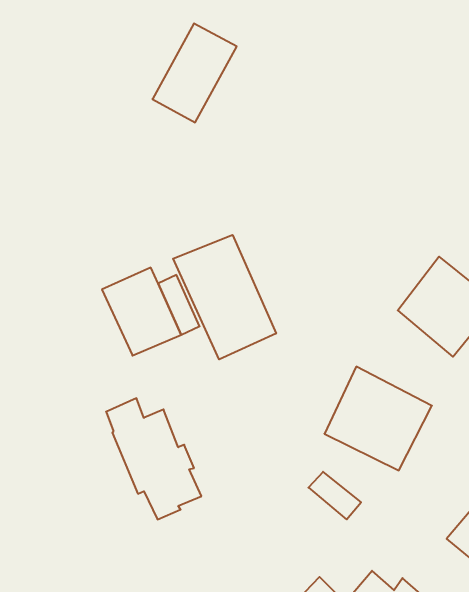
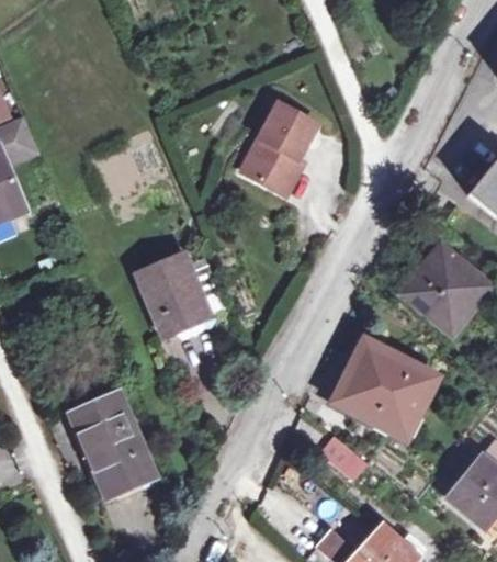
building: [152,23,237,122] -> [240,106,316,195]
building: [173,235,276,359] -> none
building: [106,398,201,519] -> [65,384,150,493]

